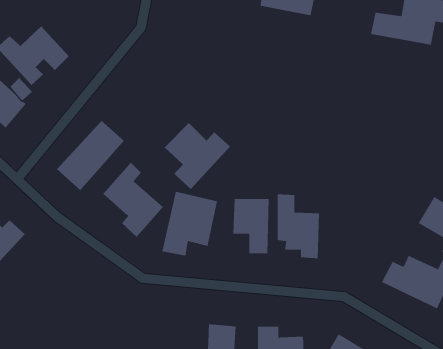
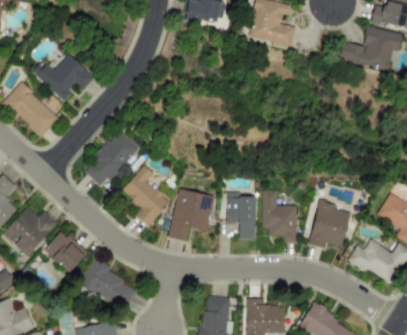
building: [164,122,231,190] -> none
building: none -> [309,200,350,248]
building: none -> [43,230,87,273]
building: none -> [78,257,136,309]

